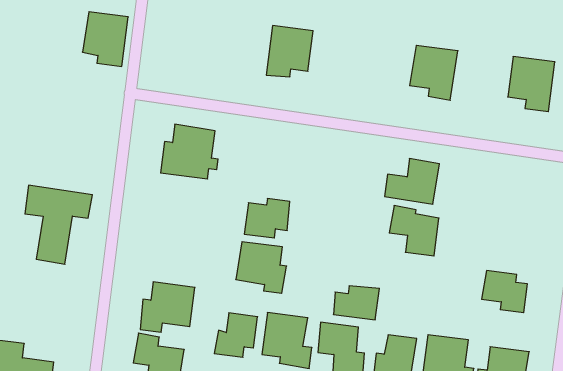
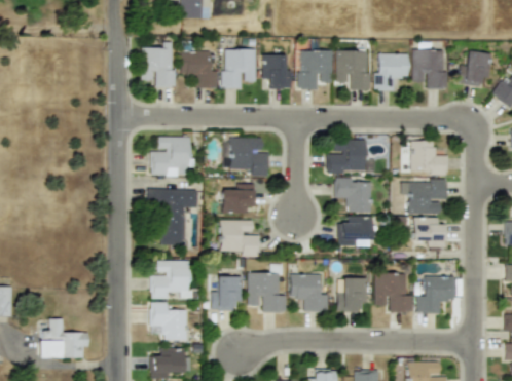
building: [82,12,128,66] -> [142,48,174,87]
building: none -> [180,52,217,88]
building: none -> [261,55,291,89]
building: none -> [297,50,332,90]
building: none -> [373,53,408,90]
building: none -> [229,138,266,178]
building: none -> [410,141,447,175]
building: [25,185,92,264] -> [147,189,197,246]
building: none -> [401,181,446,215]
building: [333,286,379,320] -> [337,217,371,241]

